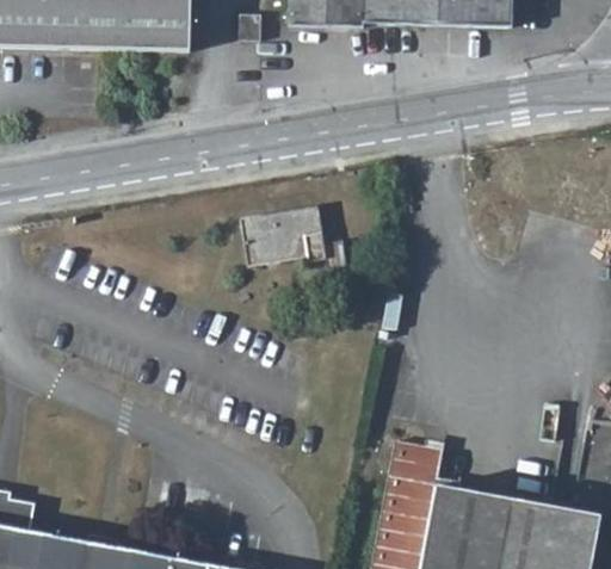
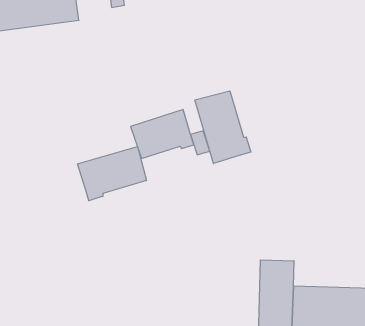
building: none -> [195,91,251,164]
building: none -> [77,147,146,201]

